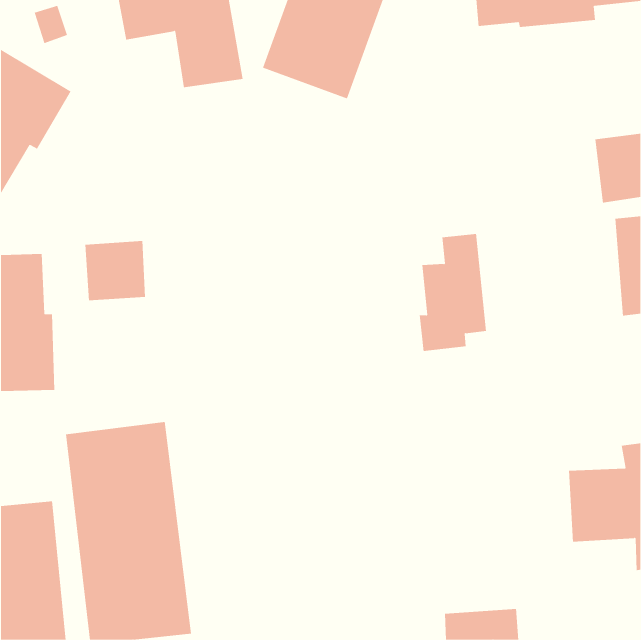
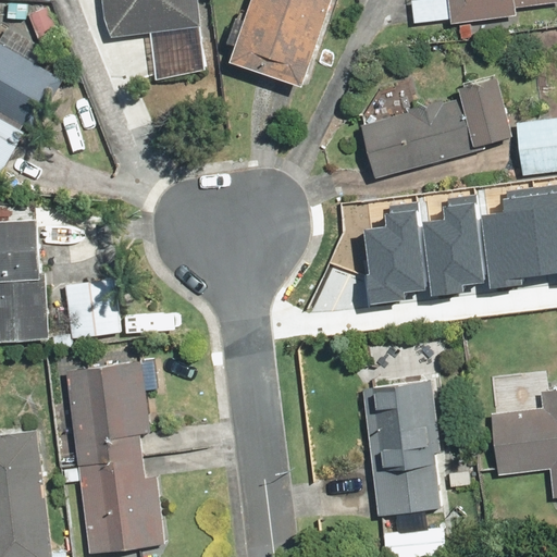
building: none -> [359,75,515,181]
building: none -> [484,189,540,288]
building: none -> [425,194,484,297]
building: [84,241,146,301] -> [66,286,120,338]
building: none -> [362,377,441,513]

